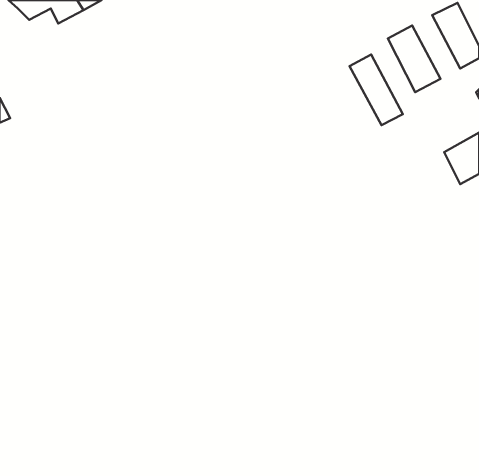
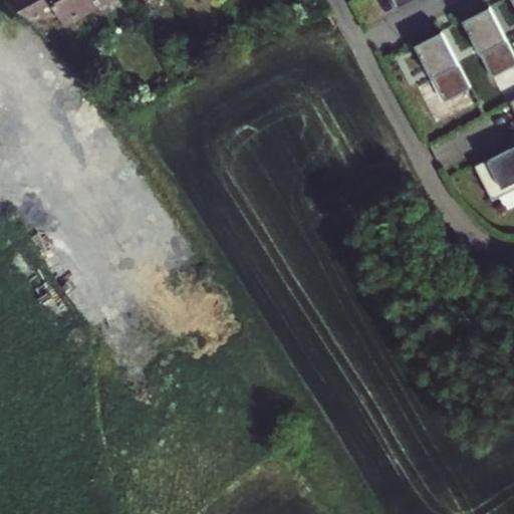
building: [349,54,403,125] -> none

